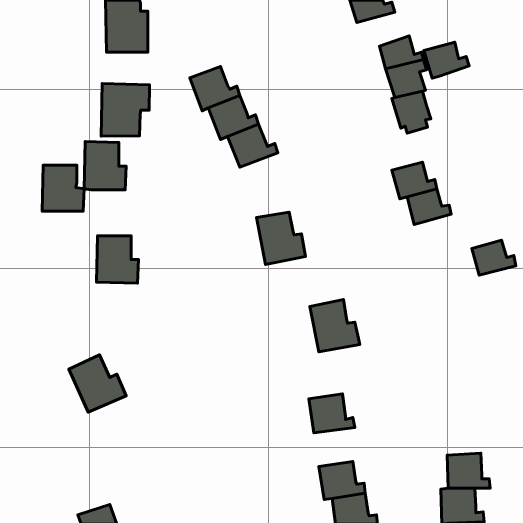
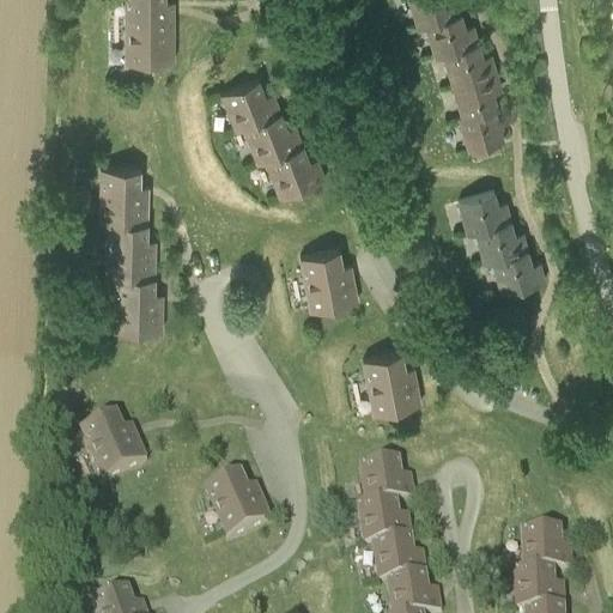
building: [424,42,469,78] -> [426,16,479,57]
building: [101,83,149,136] -> none
building: [42,165,84,211] -> [107,223,156,277]
building: [472,240,516,275] -> [493,251,545,292]
building: none -> [206,474,273,541]
building: none -> [359,503,413,547]

